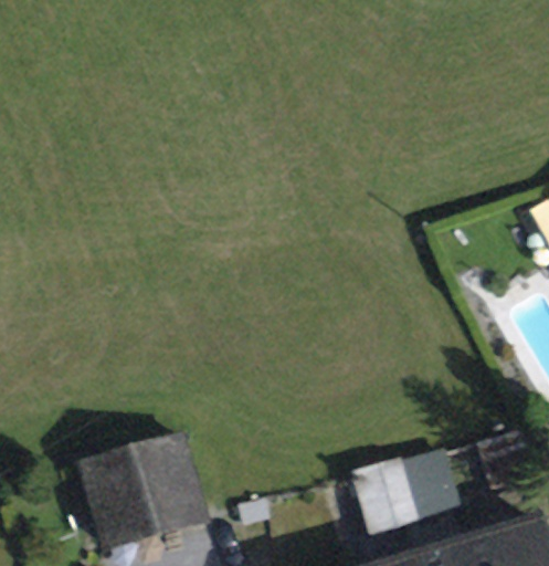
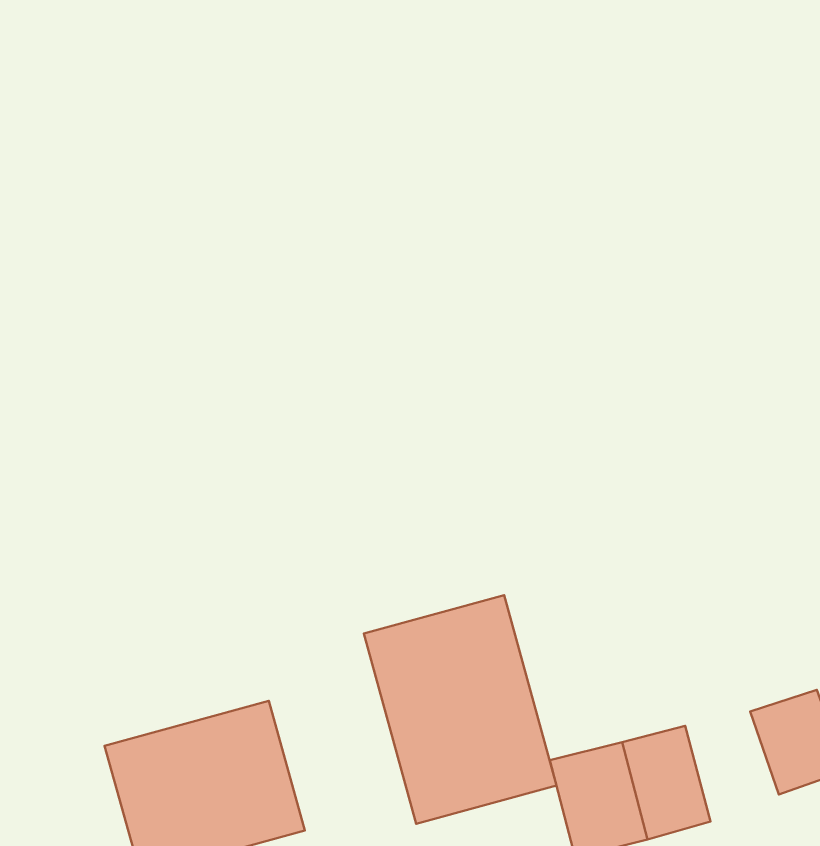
building: none -> [364,595,557,824]

